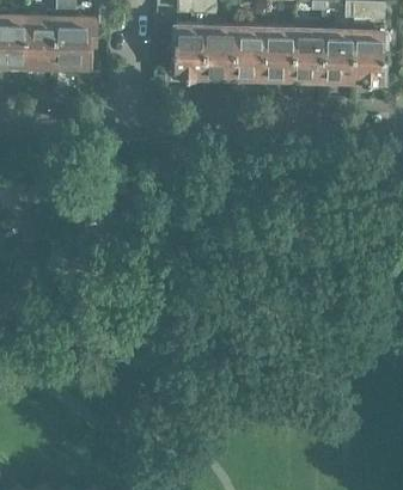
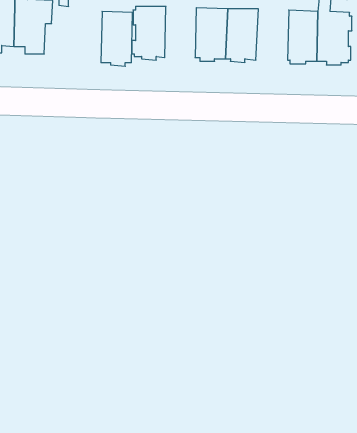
building: [201,29,232,82] -> [101,11,133,66]
building: [291,31,323,85] -> none

